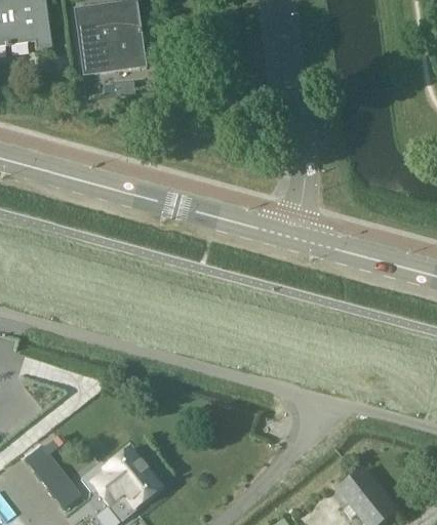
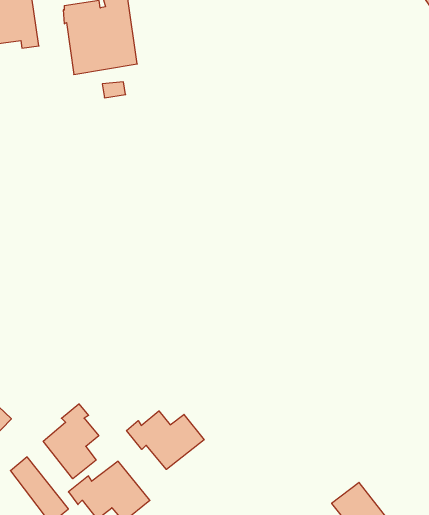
building: none -> [43,404,99,479]
building: none -> [127,411,204,469]

